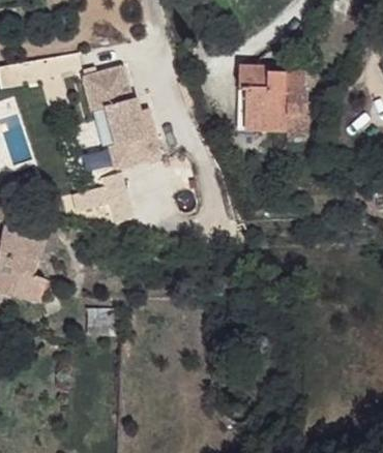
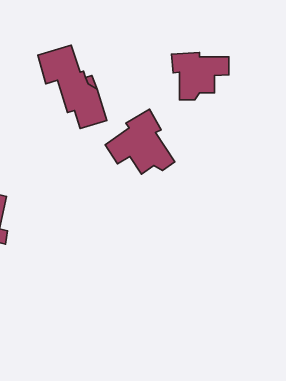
building: none -> [105,109,175,174]

